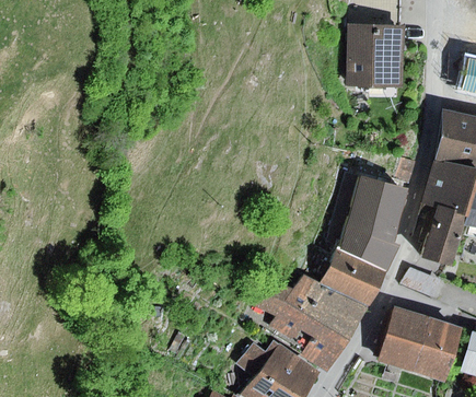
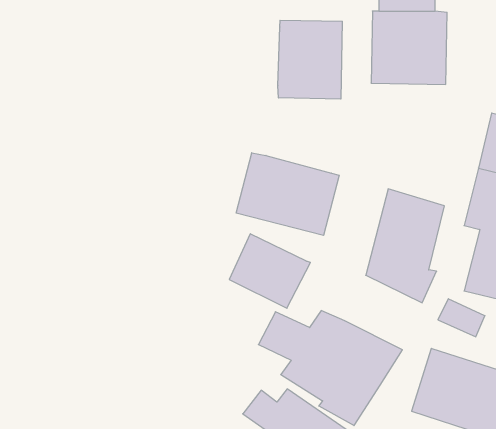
building: none -> [278,20,342,99]
building: none -> [236,153,339,235]
building: [321,245,388,307] -> [229,234,310,308]

